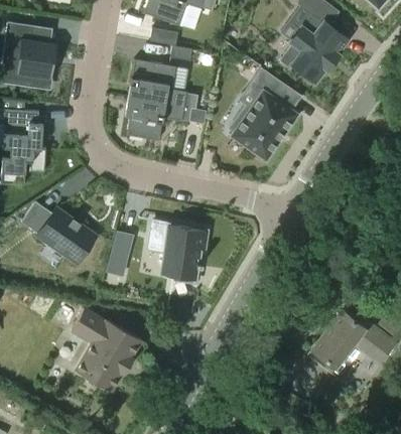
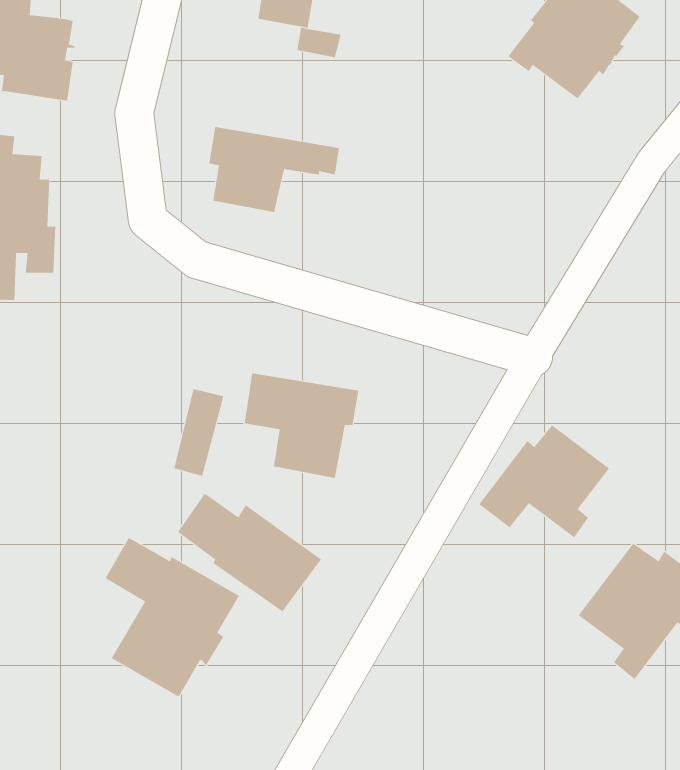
building: [128,59,198,109] -> none
building: [229,69,301,162] -> none
building: [22,201,97,263] -> [177,493,322,612]
building: none -> [478,424,610,538]

